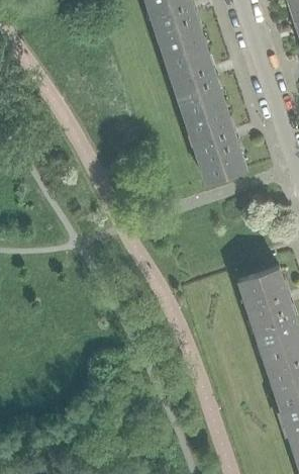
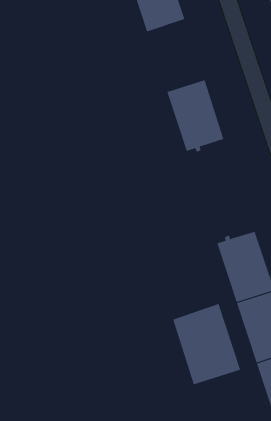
building: [162,39,224,117] -> none
building: none -> [172,303,241,385]

